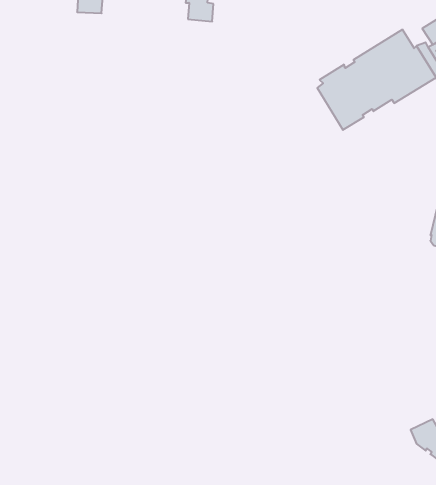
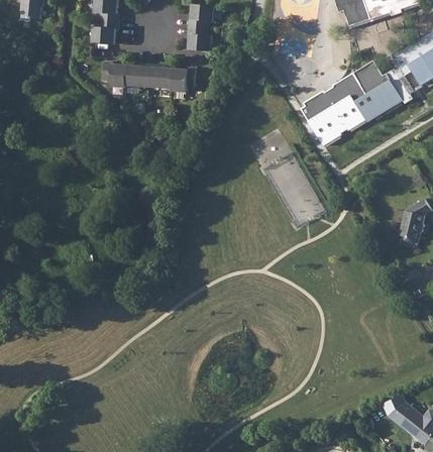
building: none -> [103,62,195,91]

